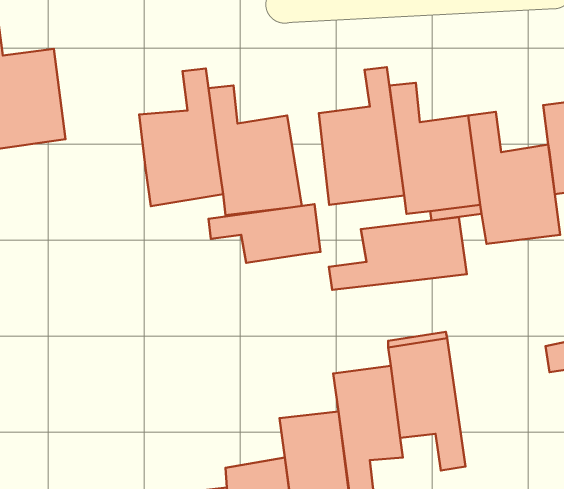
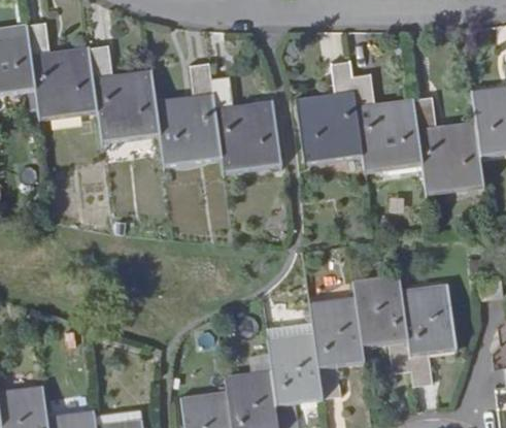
building: none -> [89,42,161,146]
building: [208,204,321,263] -> none
building: [329,217,467,290] -> none
building: none -> [400,282,457,386]

